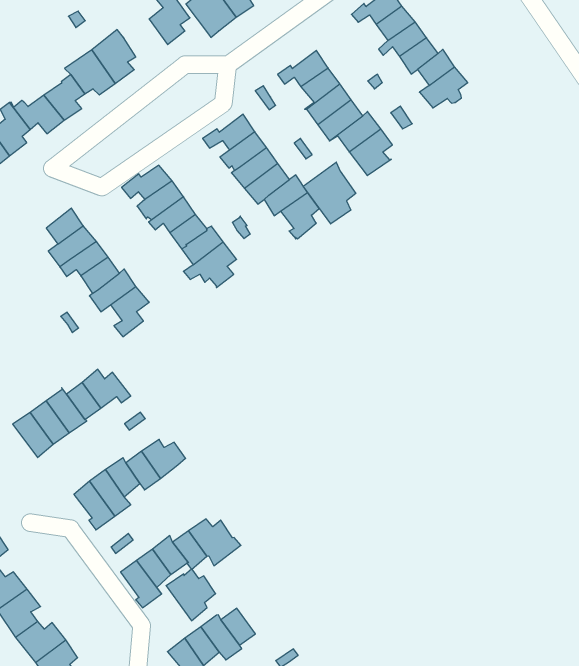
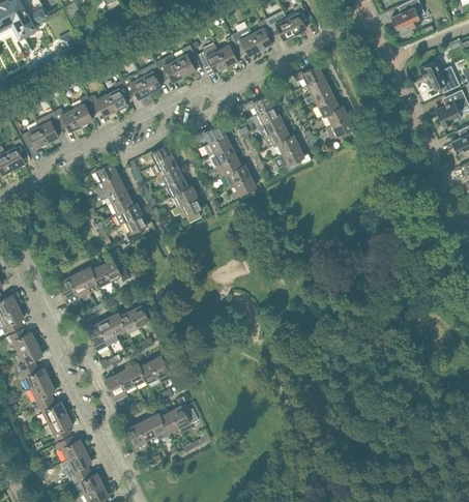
building: none -> [155,55,183,83]
building: [303,162,356,224] -> none
building: [166,569,216,621] -> [170,404,198,434]

